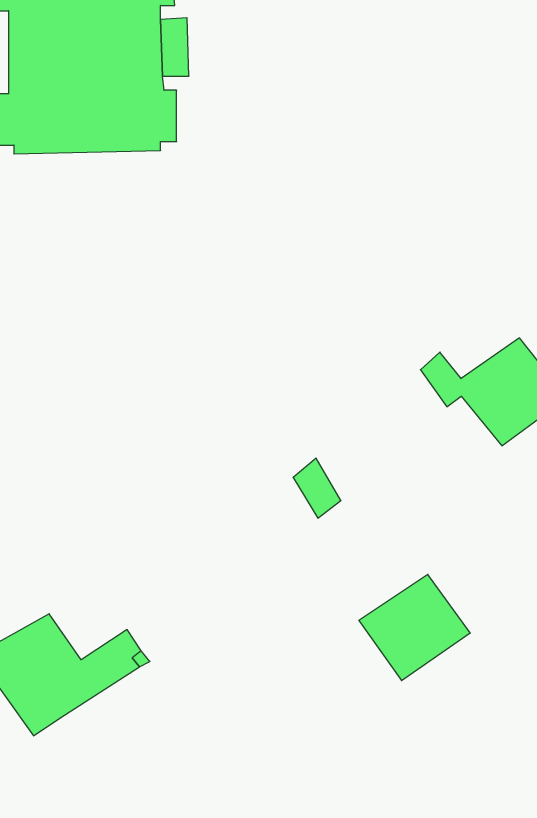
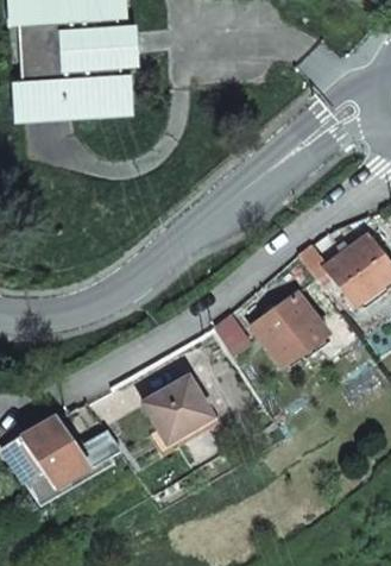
building: none -> [143,376,210,453]
building: [359,574,470,681] -> [253,294,328,365]

